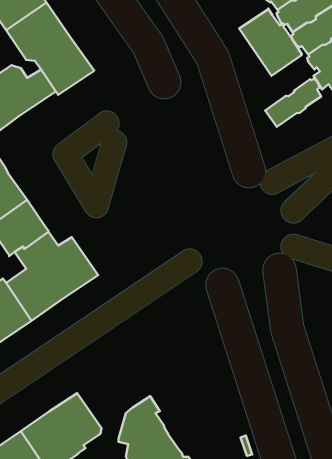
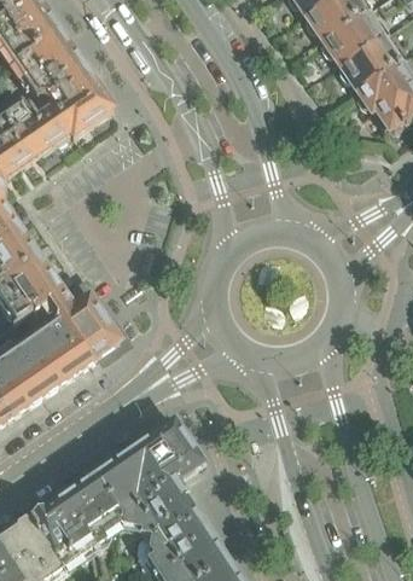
building: [239,8,302,76] -> none
building: [265,79,321,127] -> none
building: none -> [93,423,200,528]

